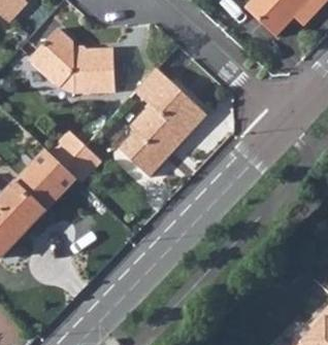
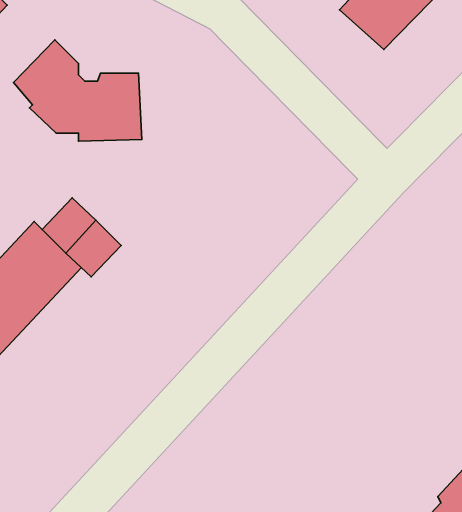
building: [120,67,208,179] -> none

